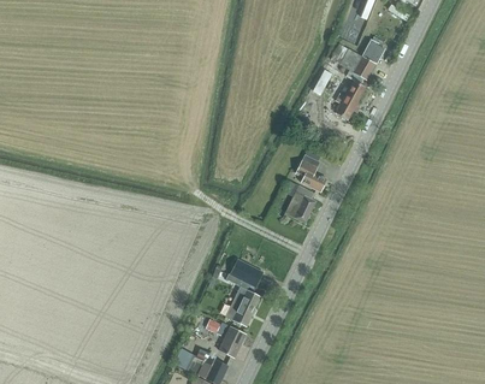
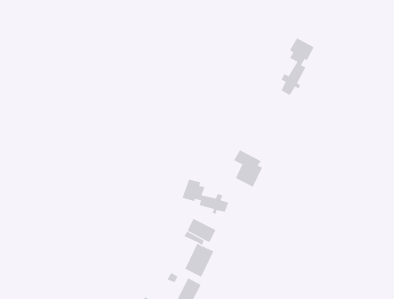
building: [296,155,327,191] -> none
building: none -> [182,179,229,215]

